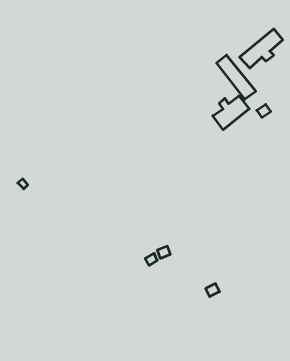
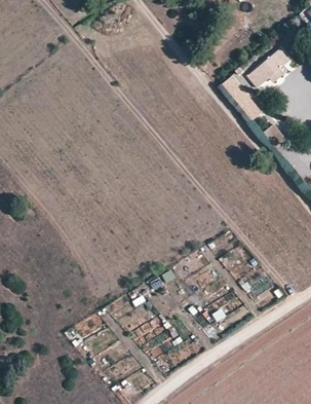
building: [213,96,249,130] -> none

